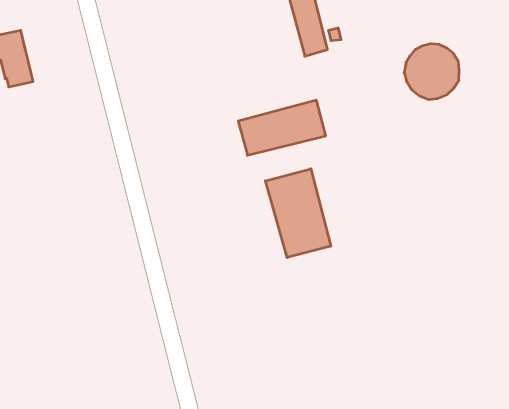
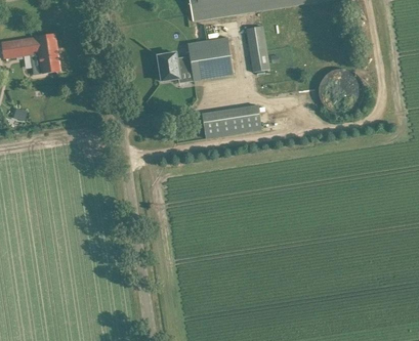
building: none -> [162,37,233,81]
building: [265,169,331,258] -> none

